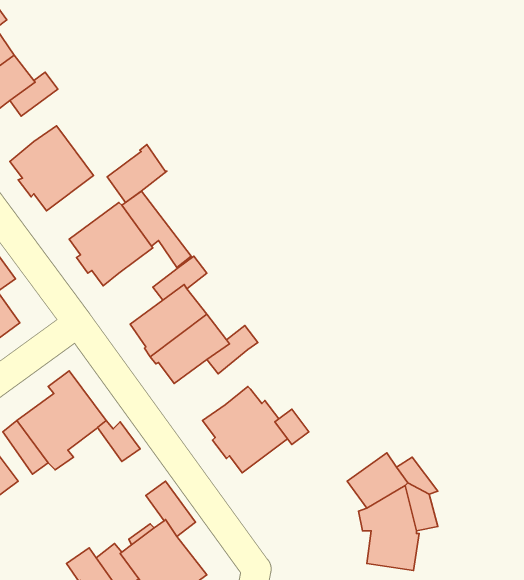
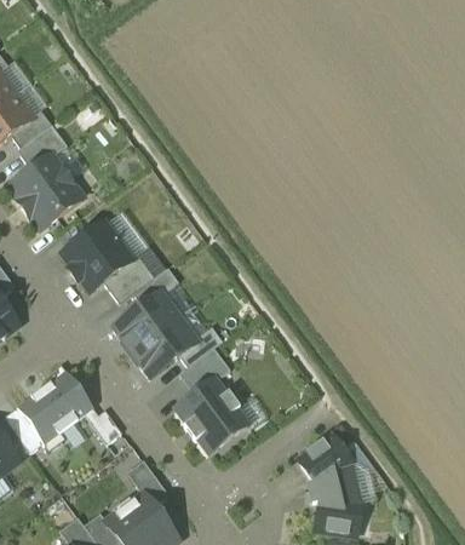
building: none -> [16,124,67,168]
building: [107,144,167,202] -> [103,253,154,303]
building: none -> [178,346,230,394]

